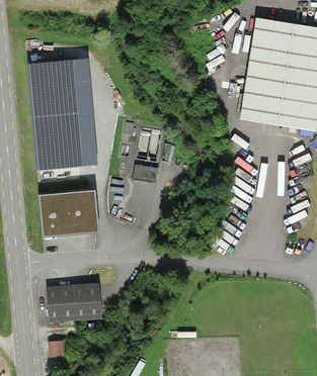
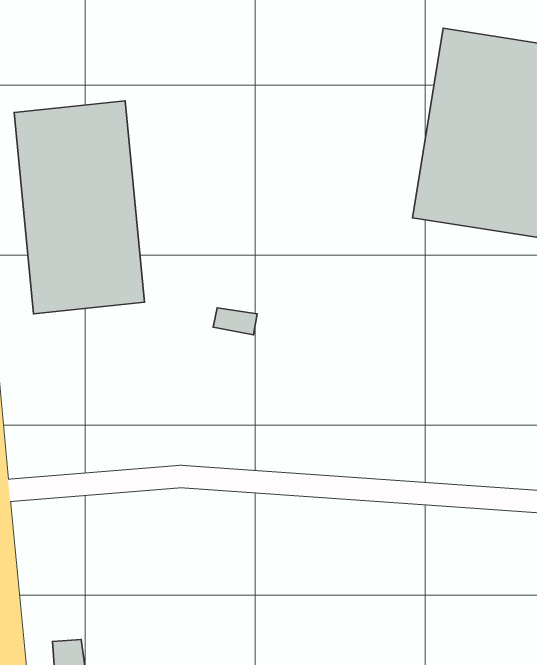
building: [41,189,97,234] -> none
building: [46,284,101,323] -> none

